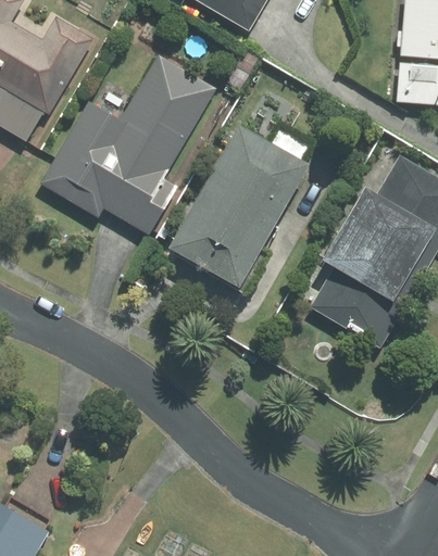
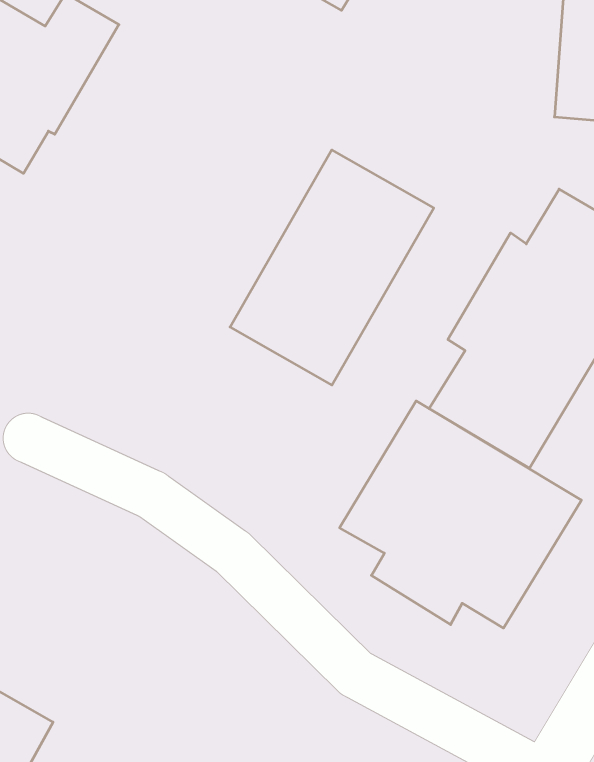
building: [39,53,216,236] -> none
building: none -> [340,401,581,628]

